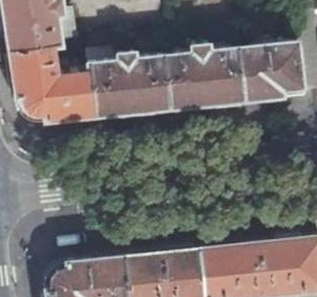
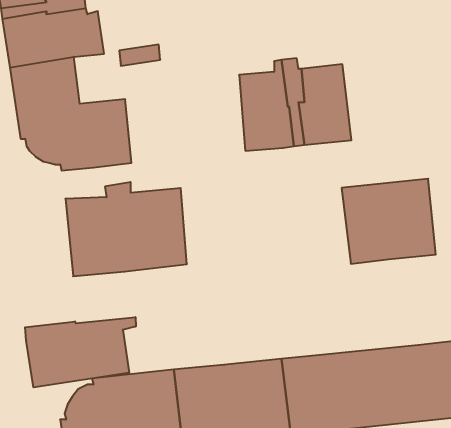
building: [236,41,300,99] -> [342,179,436,264]
building: [88,51,170,114] -> [65,182,187,276]
building: none -> [25,317,136,387]

